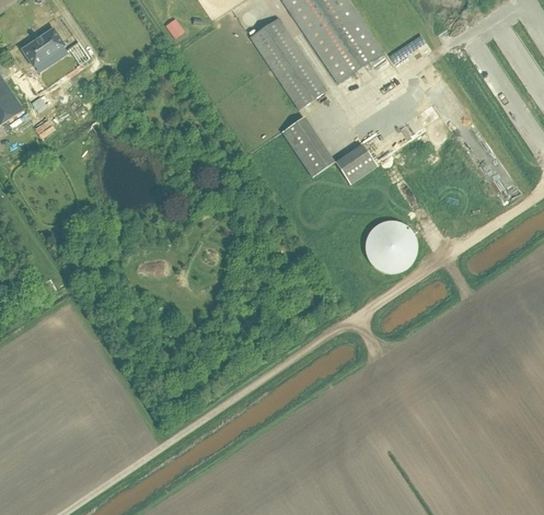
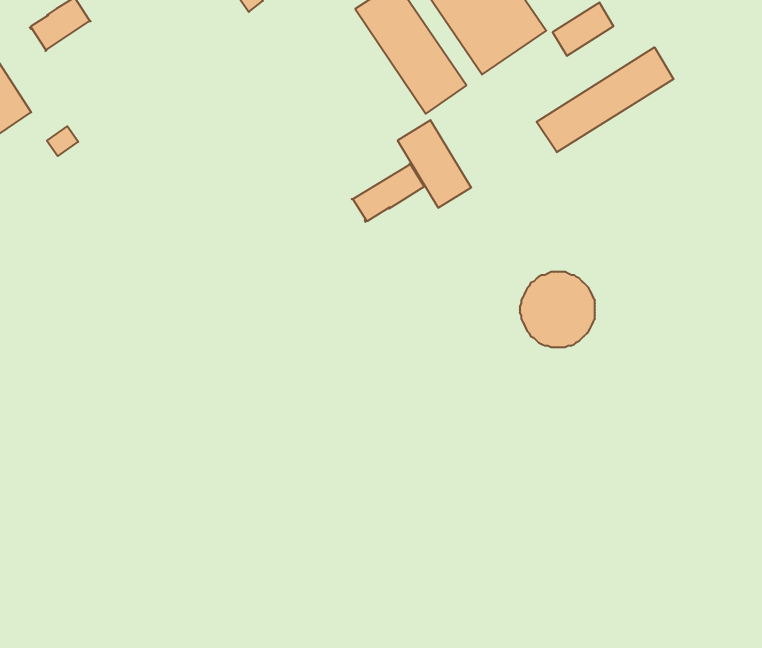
building: none -> [537,47,674,152]
building: [331,142,375,185] -> none
building: none -> [352,163,425,222]

